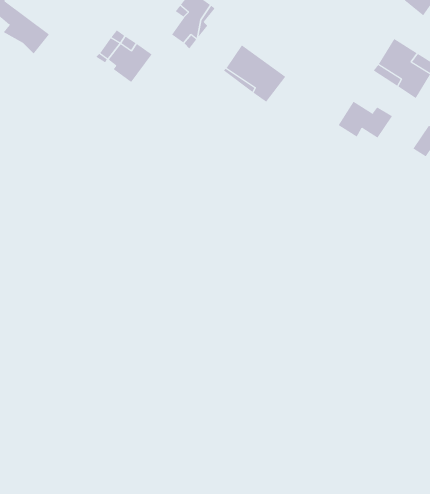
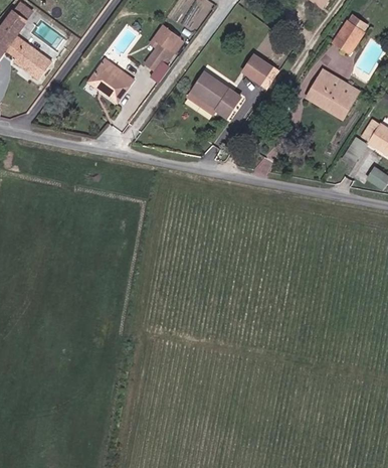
building: none -> [238,51,267,80]
building: [338,101,393,139] -> none

